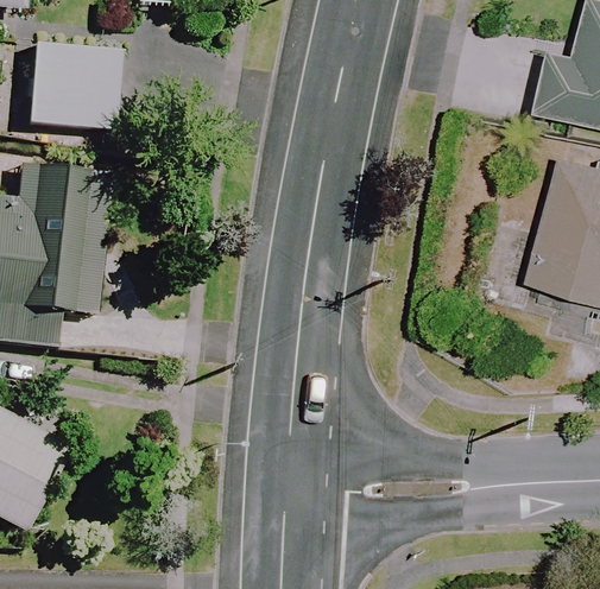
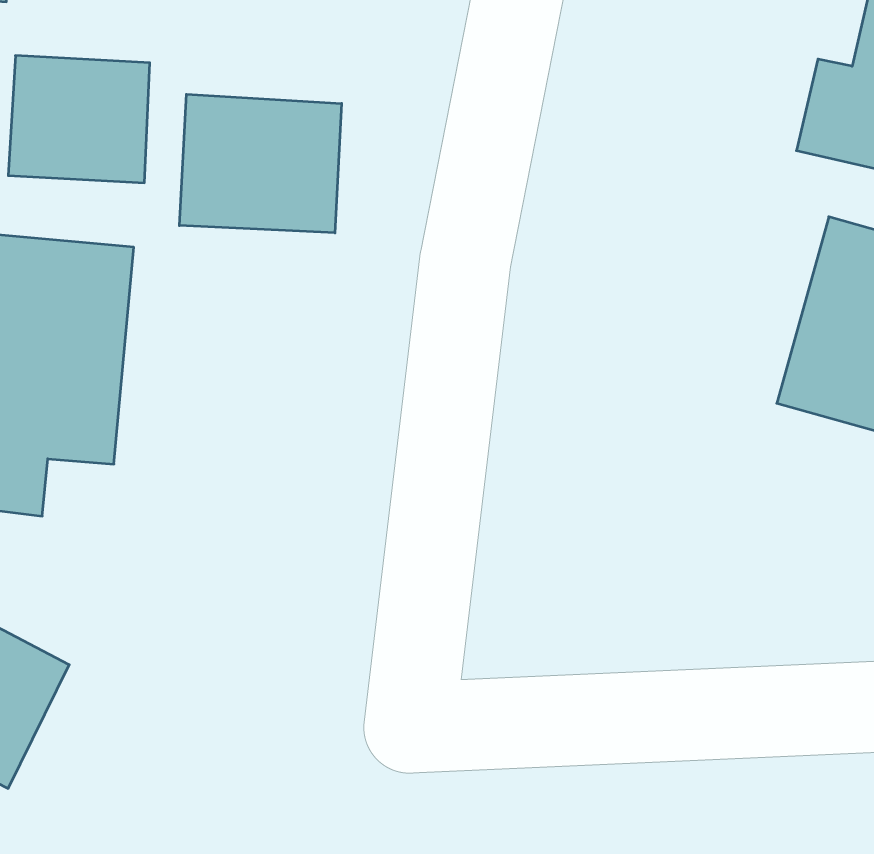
building: none -> [179,94,342,233]

